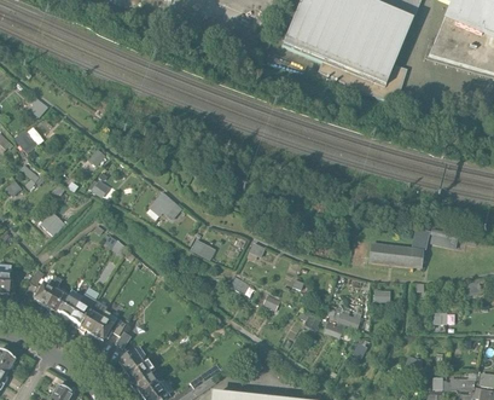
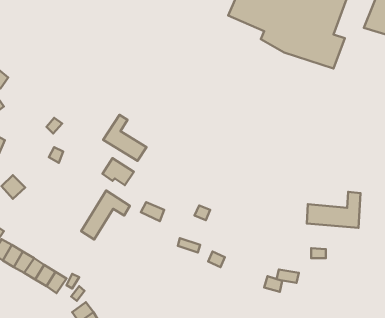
building: none -> [103,115,147,161]
building: none -> [81,190,130,240]

